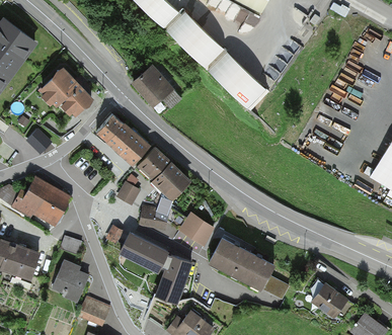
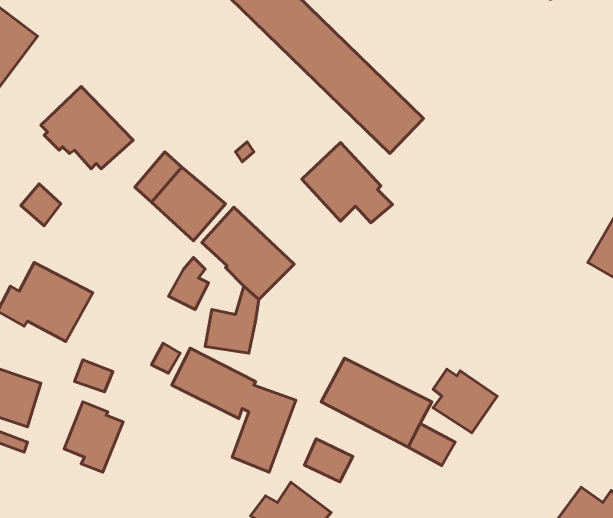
building: [129,61,183,109] -> [302,142,393,223]
building: [177,213,213,249] -> none
building: [309,281,347,320] -> [433,369,497,433]
building: none -> [304,439,353,482]
building: [77,298,110,328] -> none

